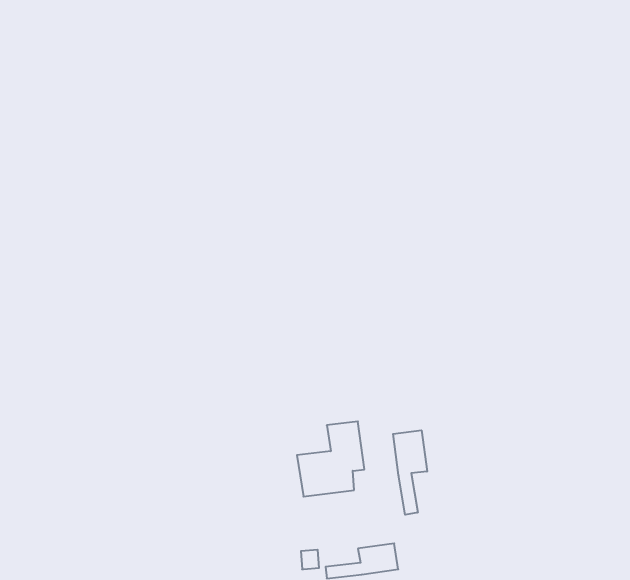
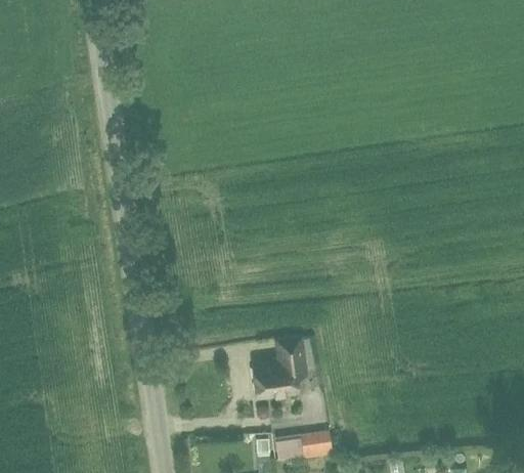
building: [393,430,427,515] -> none

